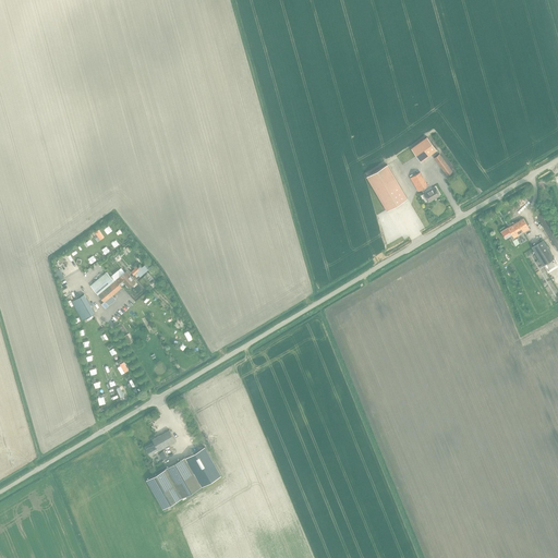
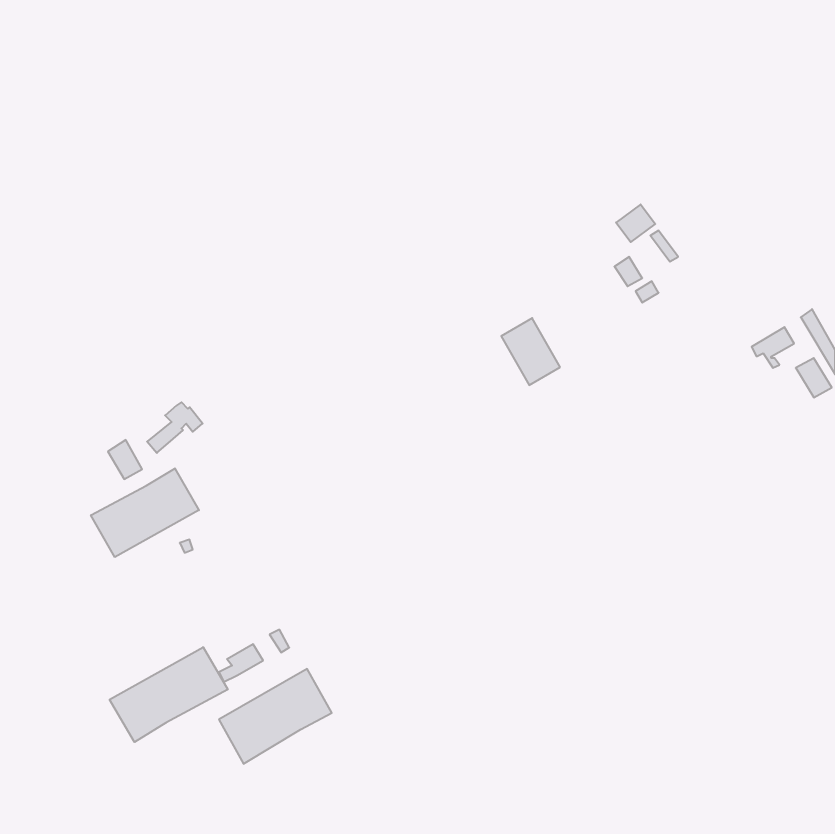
building: [367,166,407,210] -> [501,318,560,385]
building: none -> [91,468,199,557]
building: none -> [110,647,228,742]

